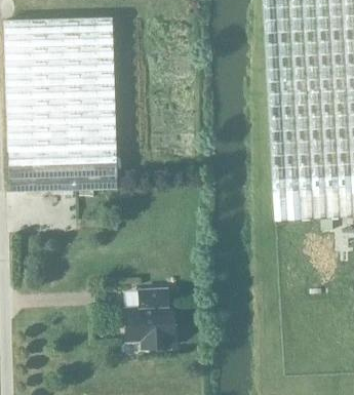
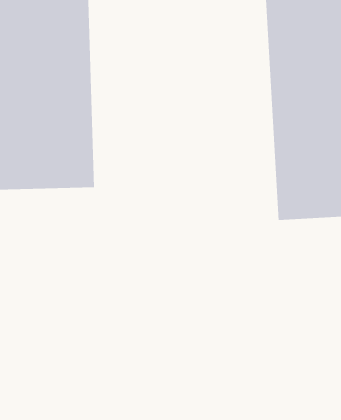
building: [123,289,172,349] -> none

